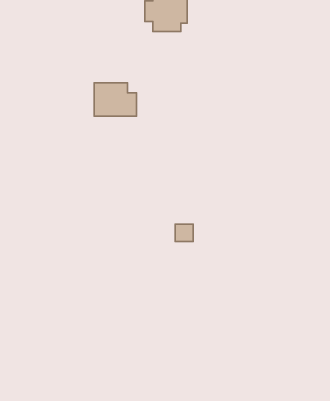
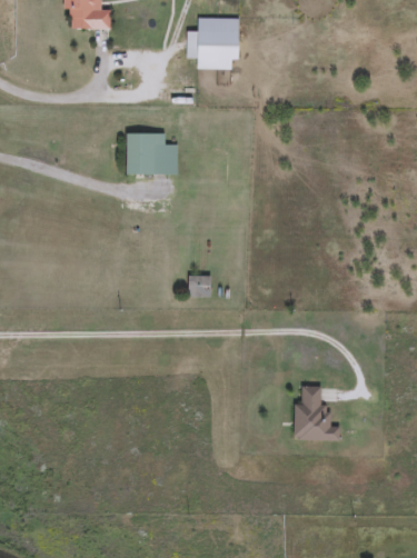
building: [175,224,193,241] -> [188,276,210,297]
building: none -> [295,386,340,440]

